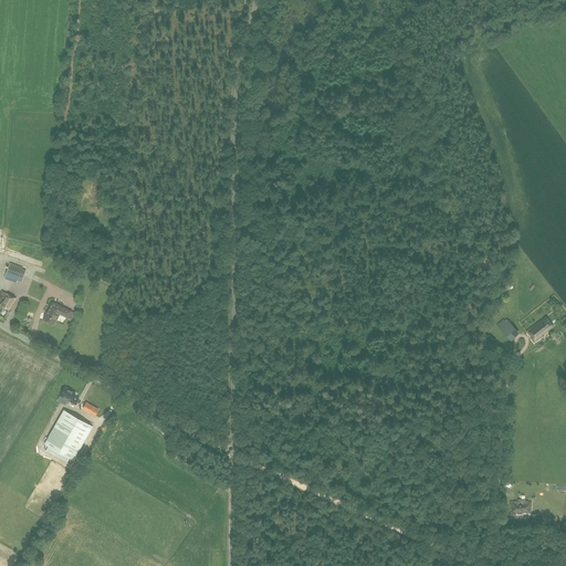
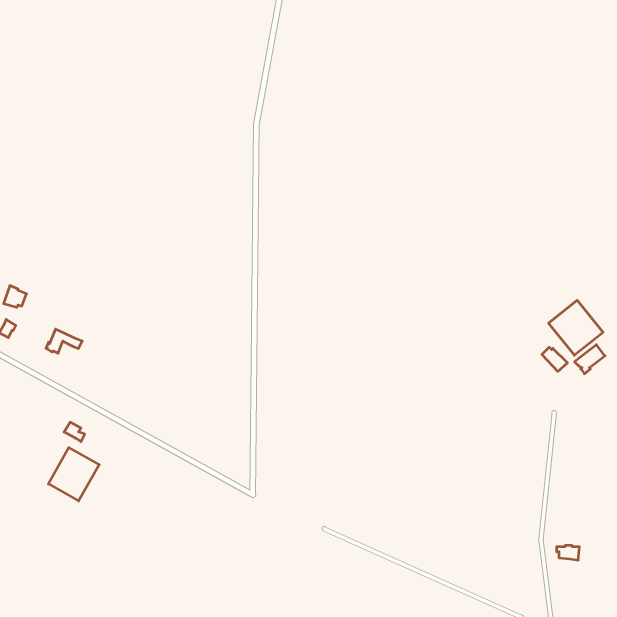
building: none -> [549,300,603,355]

